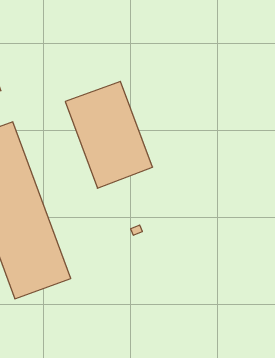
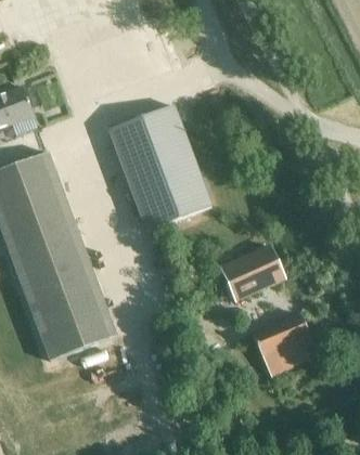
building: none -> [222,245,284,298]
building: none -> [250,312,317,373]

